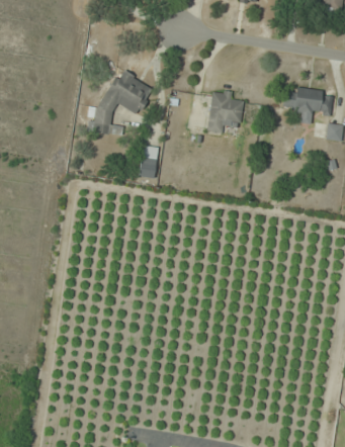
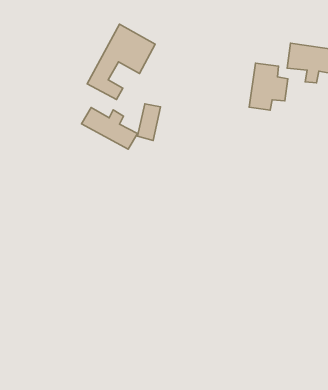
building: [205,89,243,135] -> [249,63,288,110]
building: none -> [82,107,137,149]

